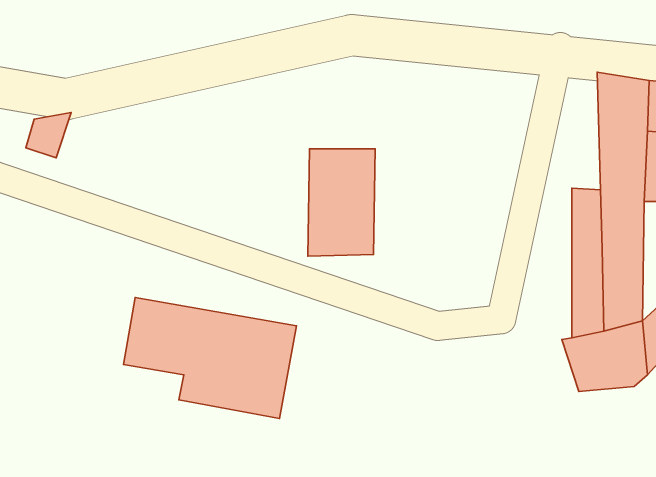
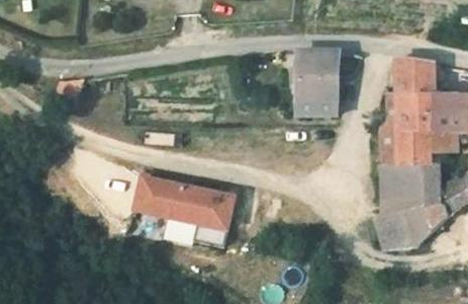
building: [308,149,375,256] -> [302,43,343,107]

